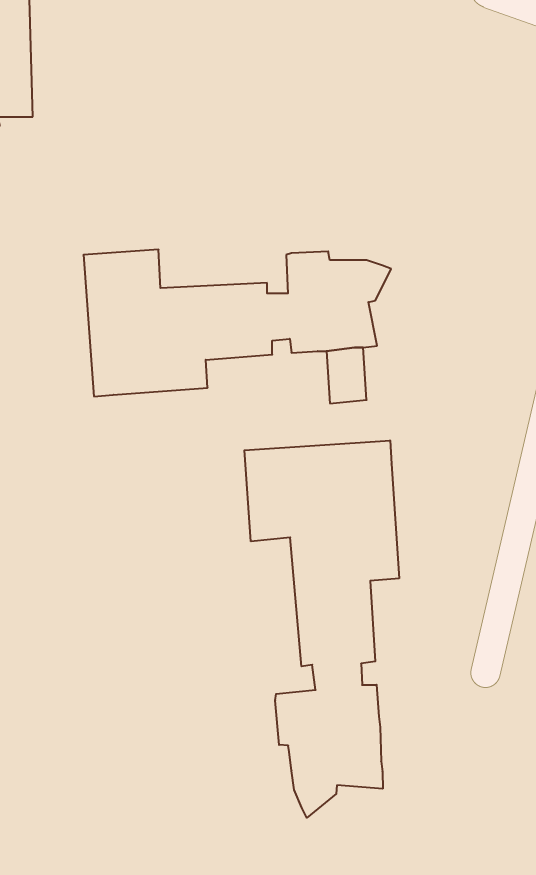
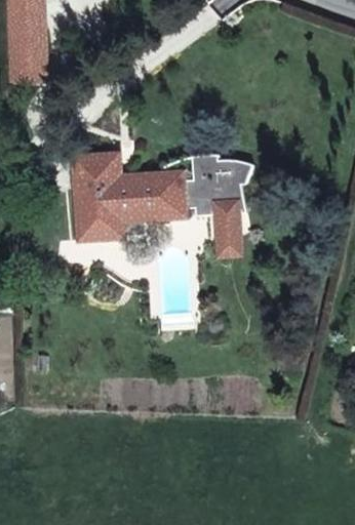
building: [244,440,399,818] -> none

